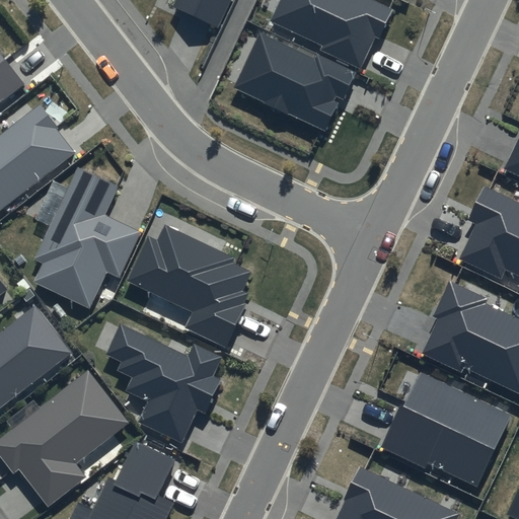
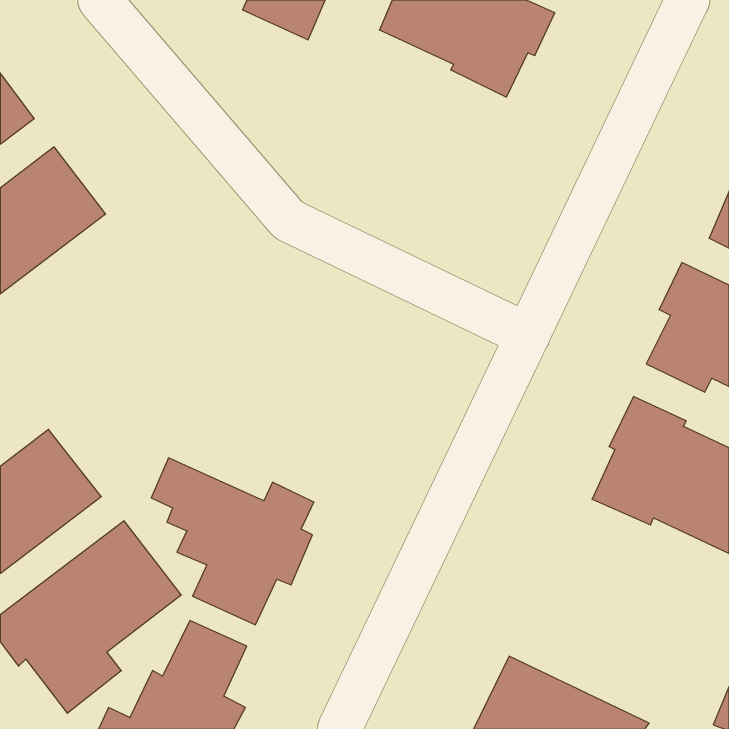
building: [233,32,357,131] -> none
building: [32,166,141,309] -> none
building: [126,224,252,347] -> none
building: [382,371,512,488] -> none

